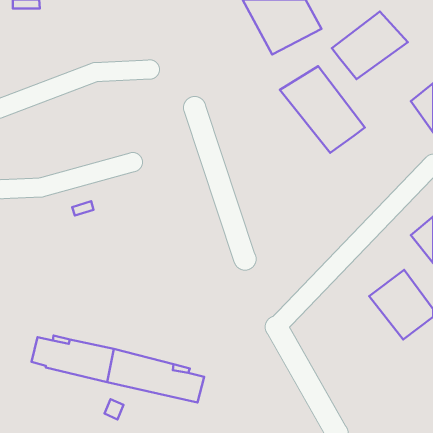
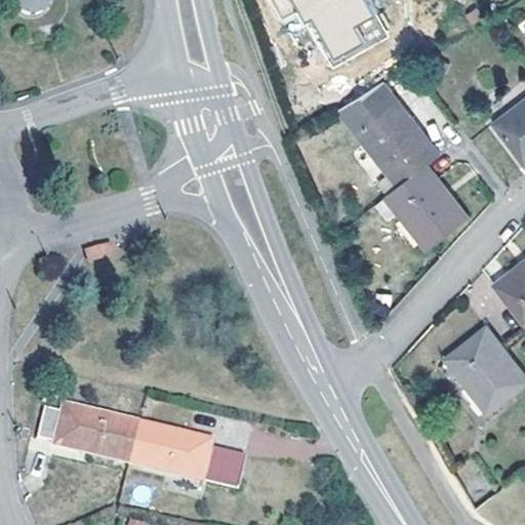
building: [332,11,408,79] -> none
building: none -> [385,164,468,248]

